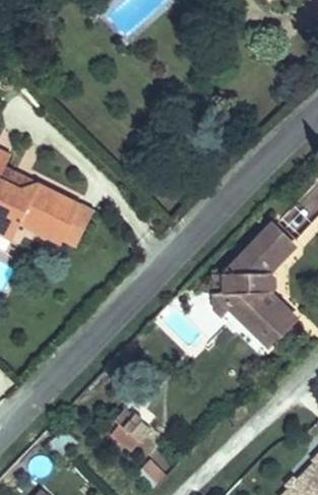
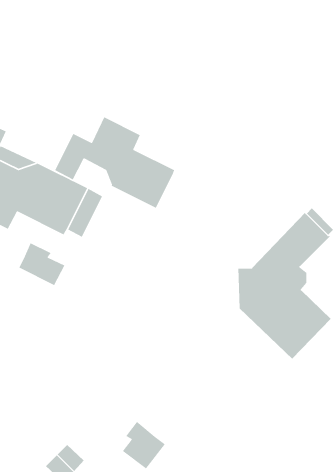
building: none -> [54,116,175,209]
building: none -> [18,242,65,286]

